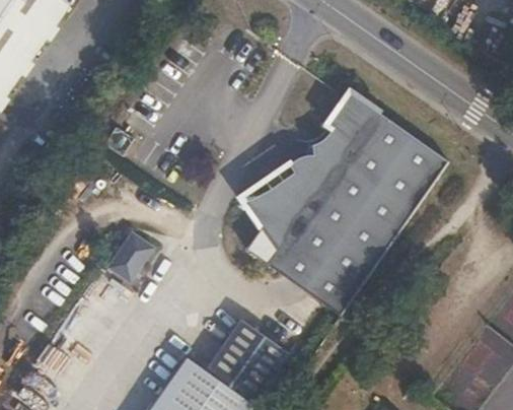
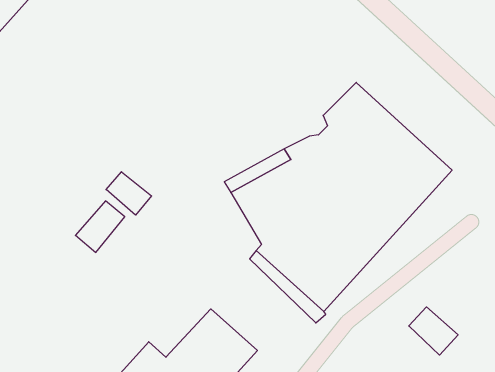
building: none -> [106,172,152,215]
building: none -> [409,307,458,355]

